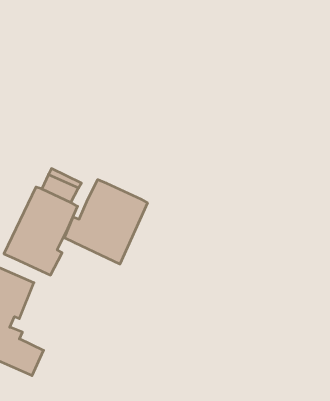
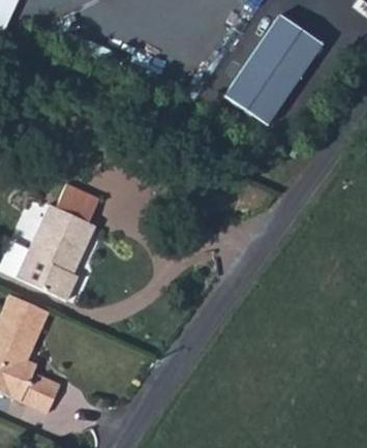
building: none -> [223,14,319,122]
building: [65,180,147,264] -> none

